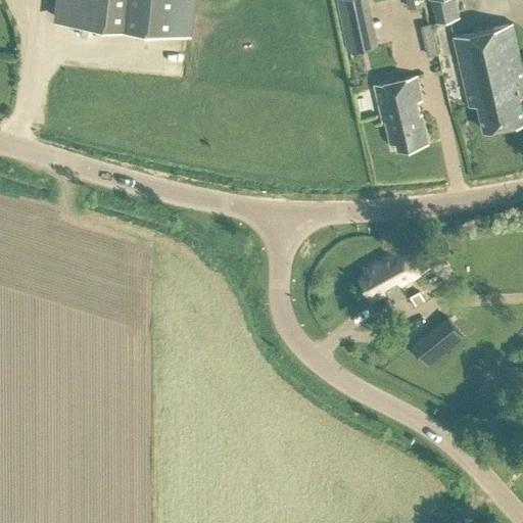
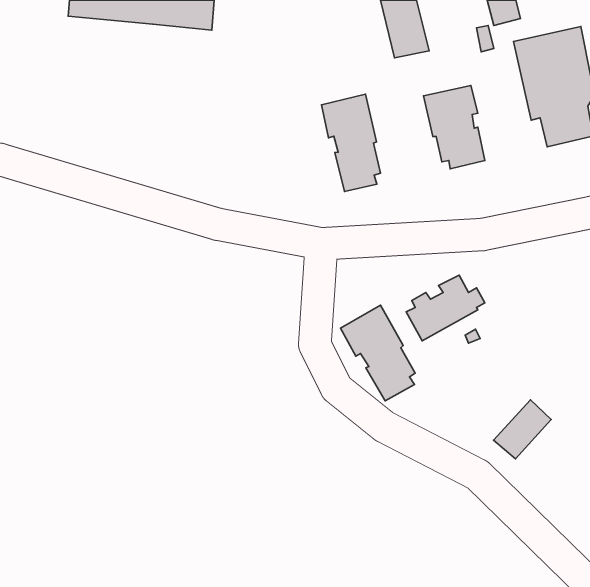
building: none -> [321,94,380,192]
building: none -> [341,305,415,401]
building: [409,313,460,365] -> [493,400,551,459]

